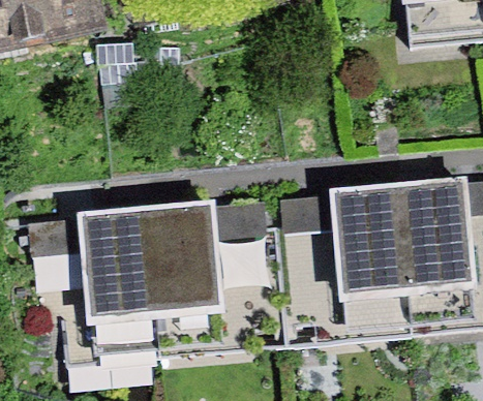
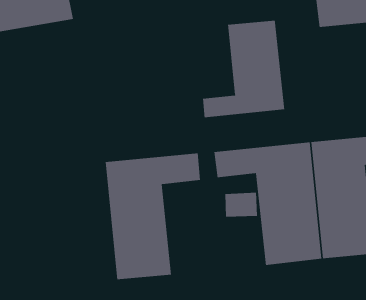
building: none -> [202,20,285,118]
building: [26,207,158,360] -> none

